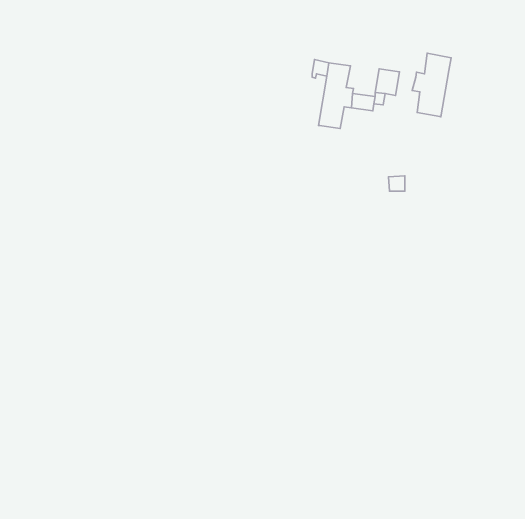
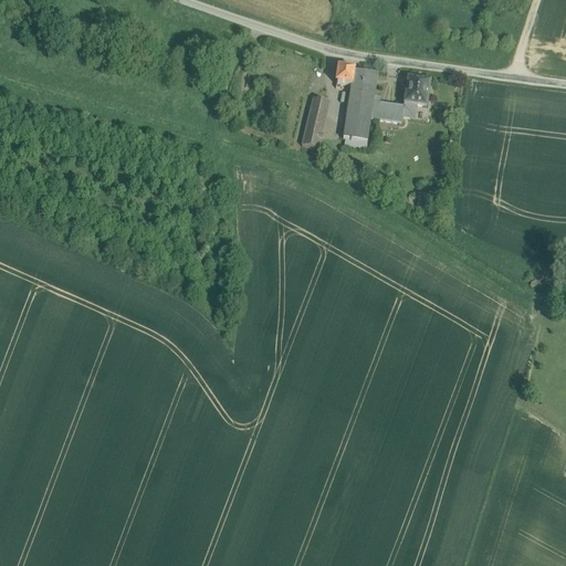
building: [412,53,451,117] -> none
building: none -> [302,95,329,146]

